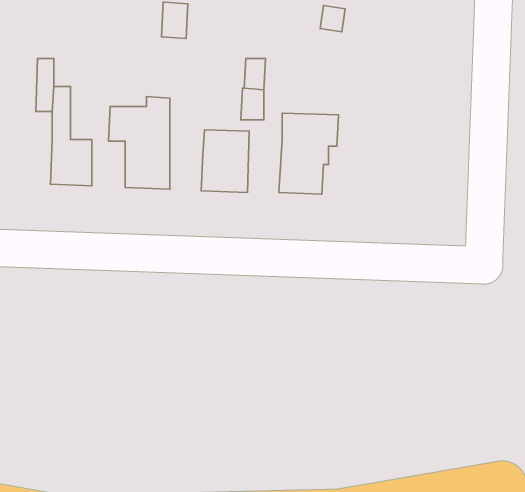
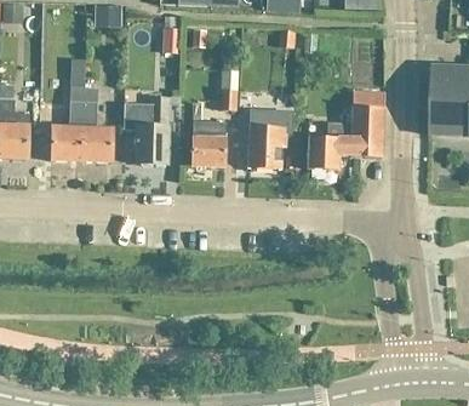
building: none -> [308,92,384,171]
building: none -> [52,127,82,161]

